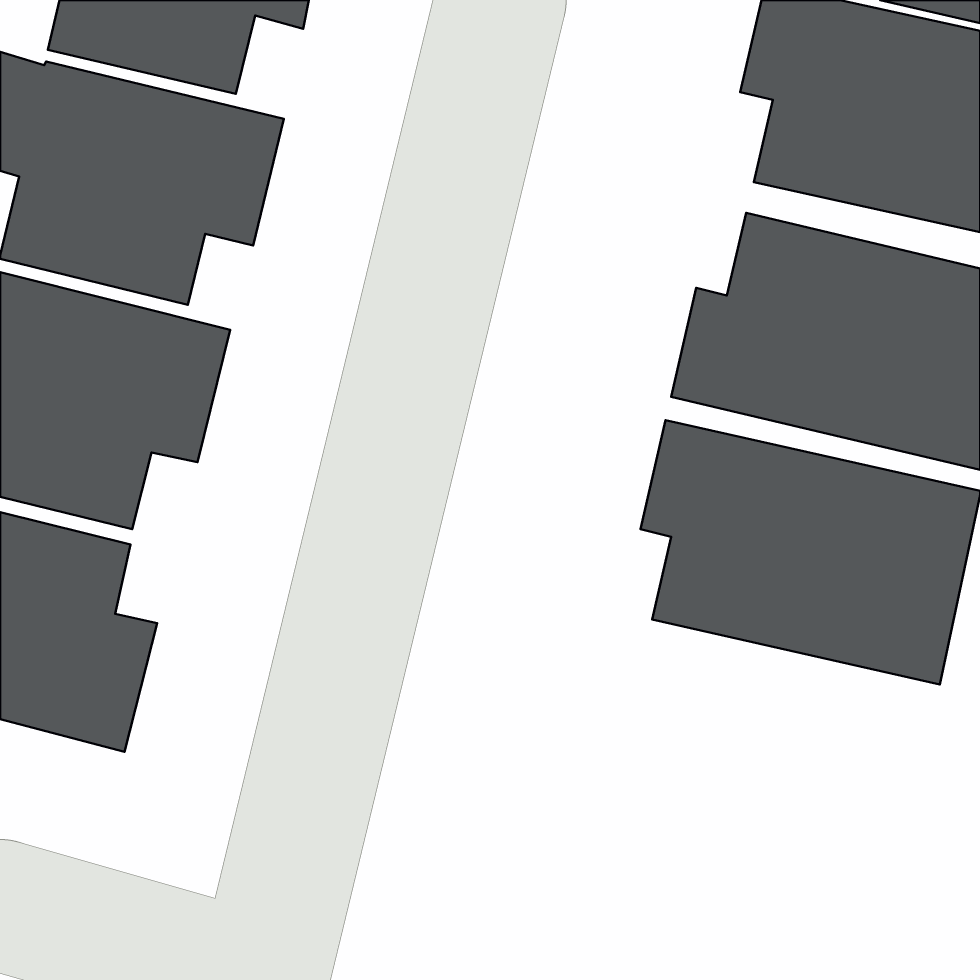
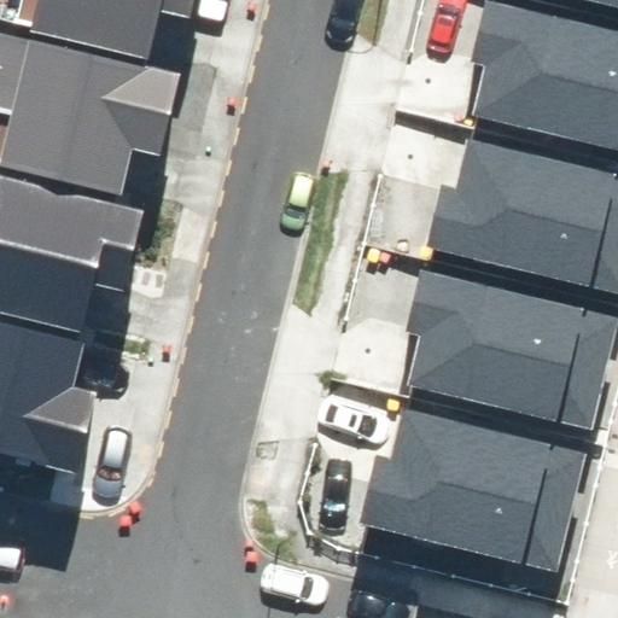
building: none -> [358,409,587,572]

